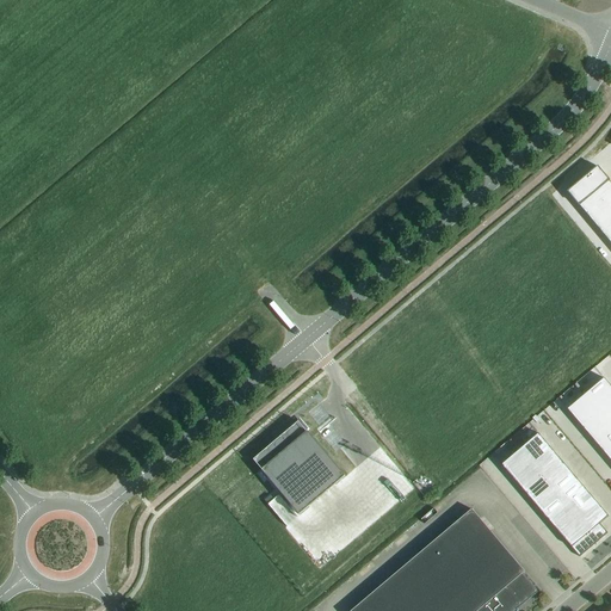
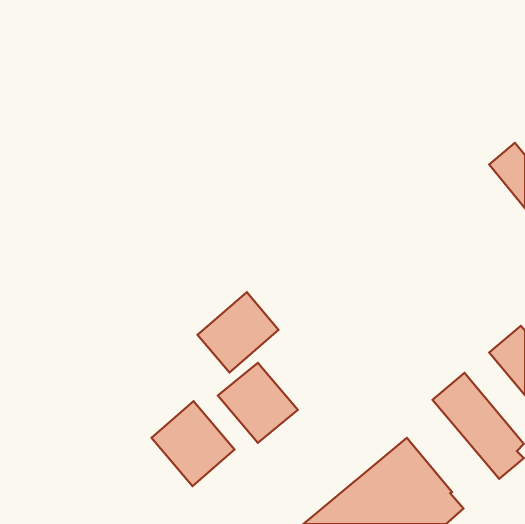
building: none -> [197,292,279,373]
building: none -> [152,401,235,486]

